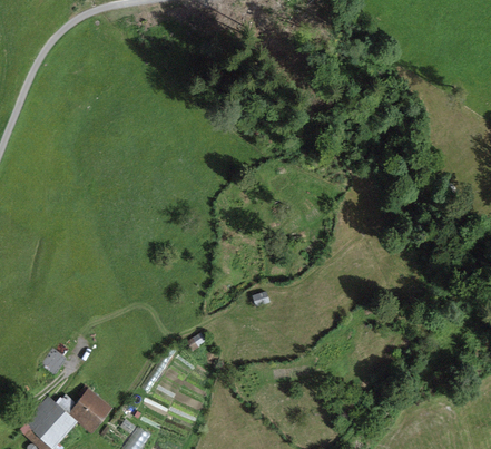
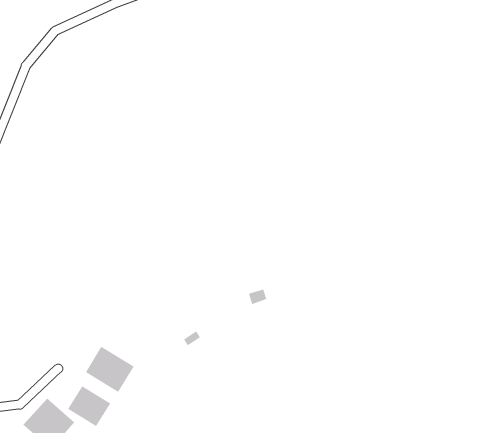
building: none -> [85,346,134,393]

